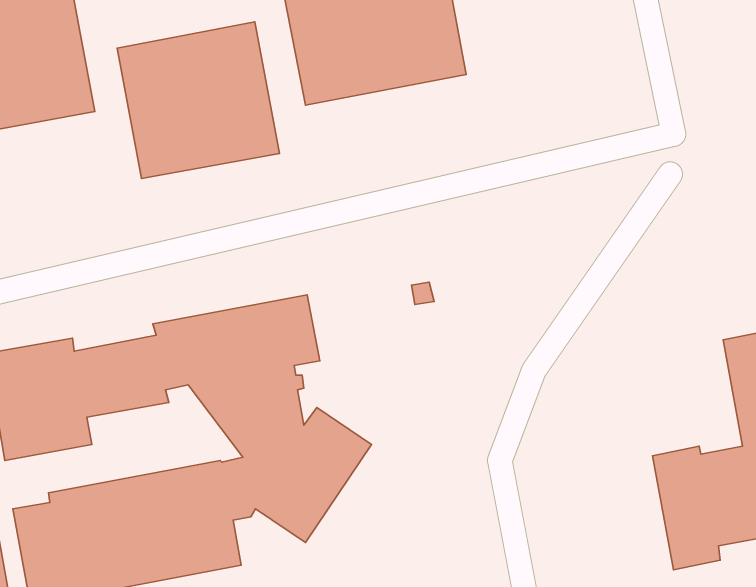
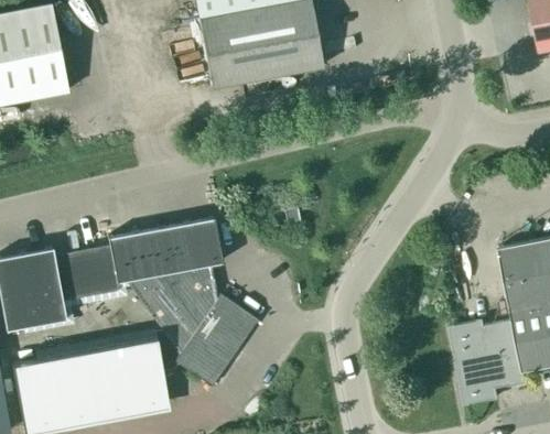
building: [117,22,280,179] -> none

